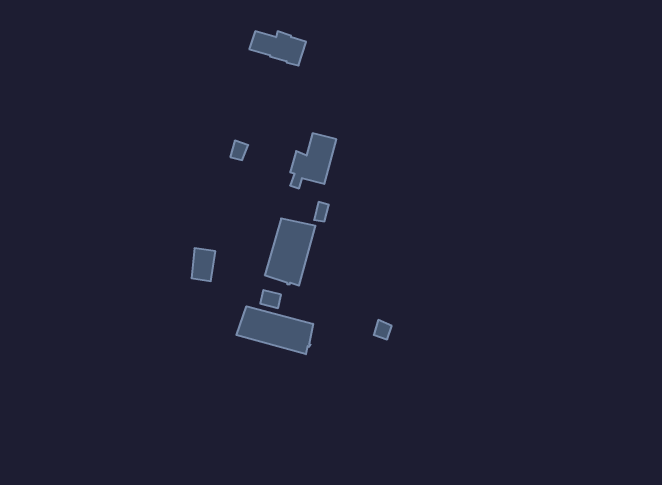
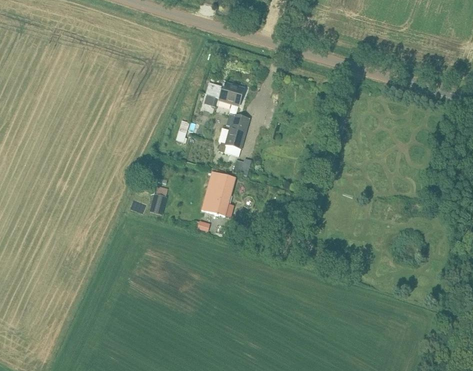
building: [249,31,306,66] -> [205,82,243,105]
building: [236,306,313,354] -> none

